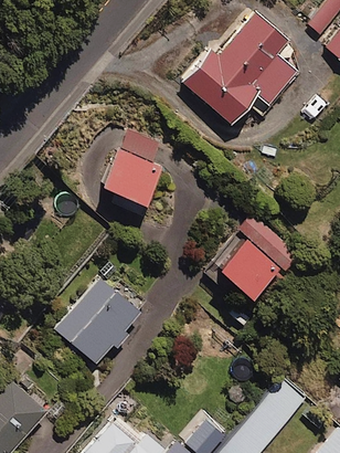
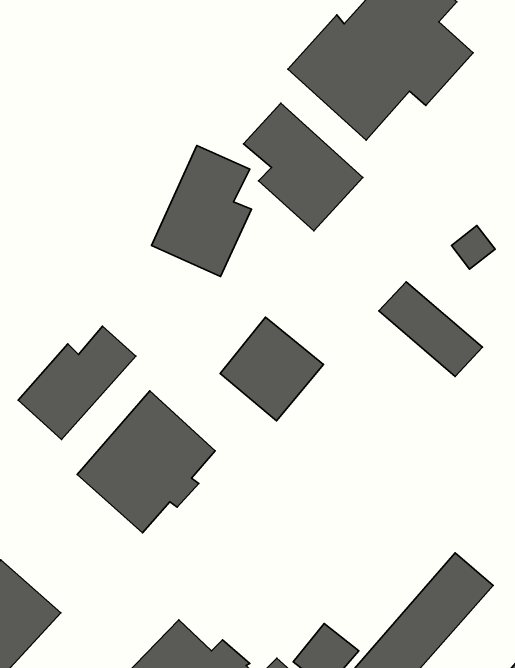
building: none -> [243,103,363,231]
building: none -> [18,326,136,440]
building: [217,239,280,302] -> [220,317,324,421]

